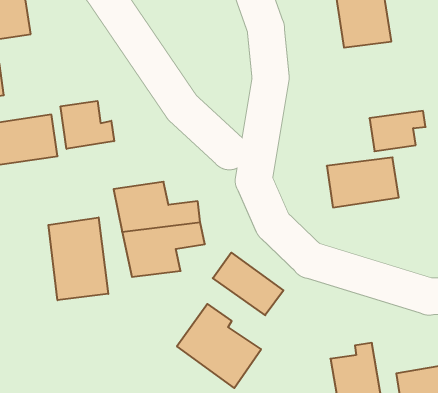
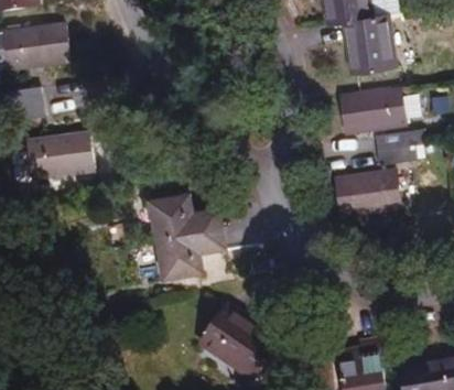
building: none -> [340,86,404,133]
building: [61,101,114,149] -> none
building: [48,217,108,300] -> none
building: [213,253,283,315] -> none

